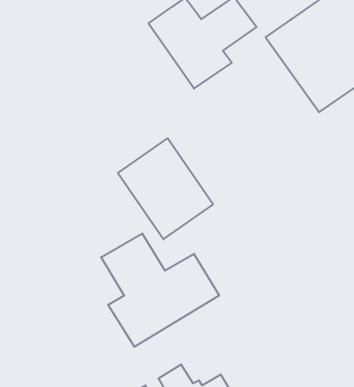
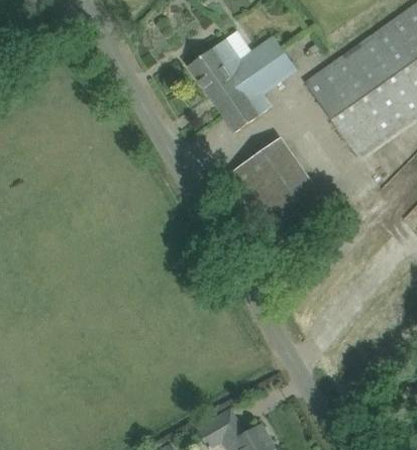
building: [118,138,213,239] -> [228,137,325,240]
building: [101,233,219,347] -> none

